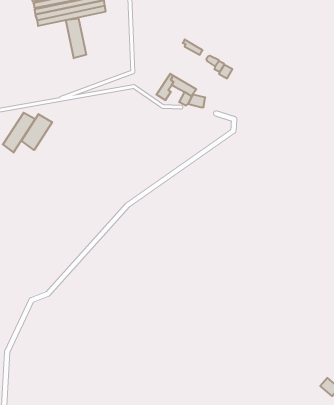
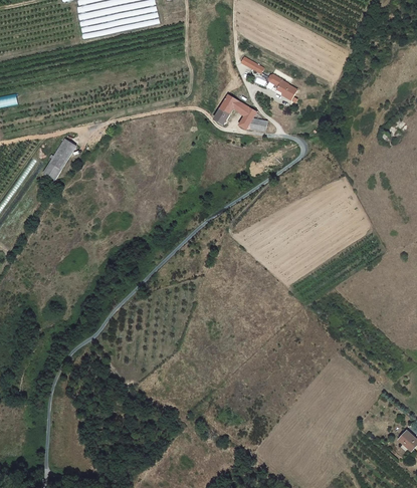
building: [66,18,86,58] -> none
building: [21,114,52,150] -> none

